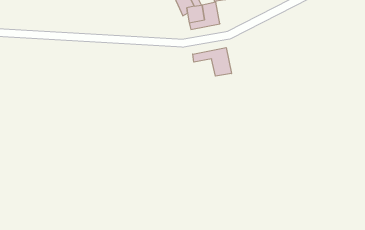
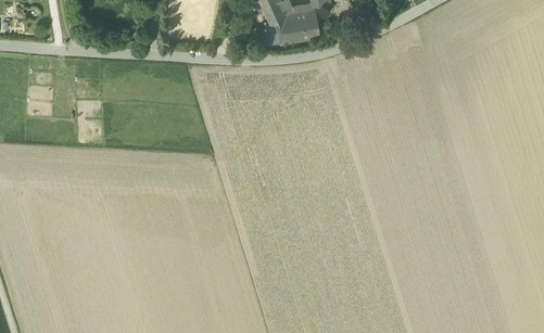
building: [193,48,231,76] -> none

